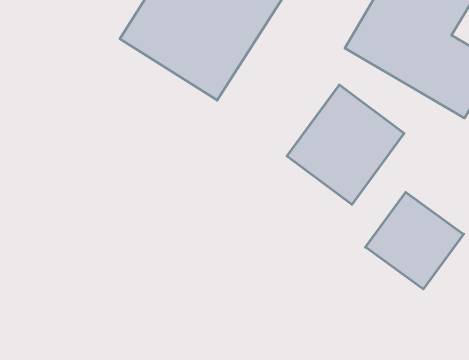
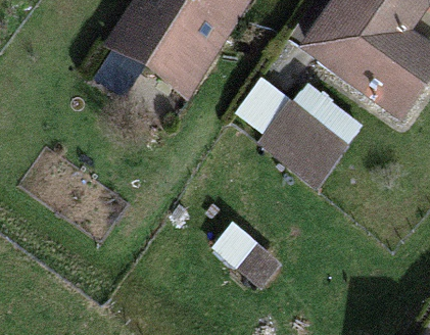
building: [365,192,464,289] -> none

